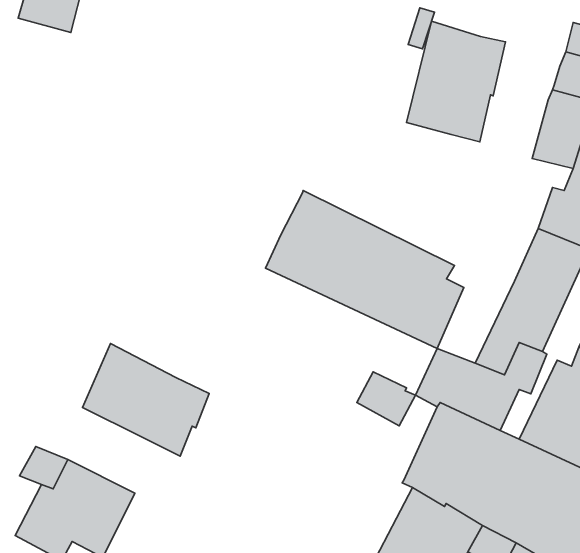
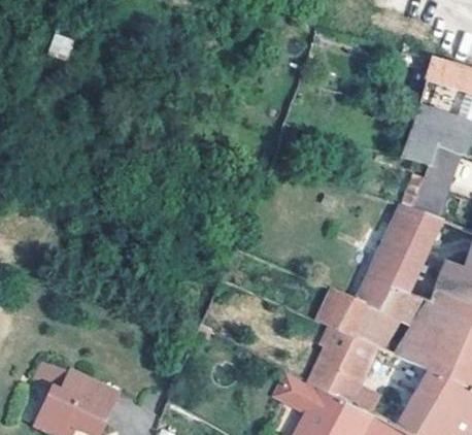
building: [407,21,505,142] -> none
building: [265,190,464,348] -> none
building: [83,343,209,456] -> none
building: [357,372,415,426] -> [274,371,315,409]

